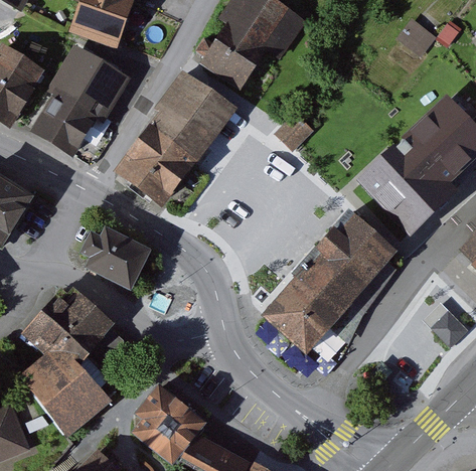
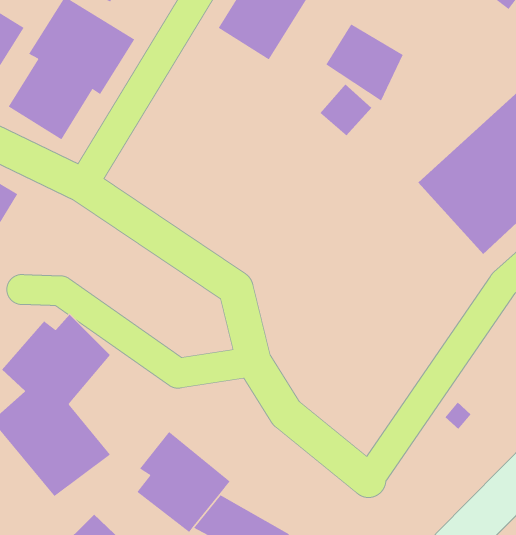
building: none -> [326,24,404,101]
building: [121,80,230,205] -> none
building: [263,216,395,355] -> none
building: [87,231,149,289] -> none

